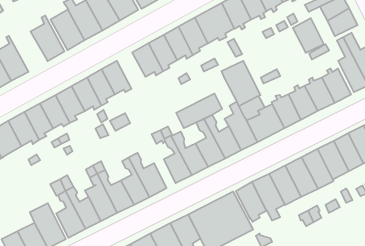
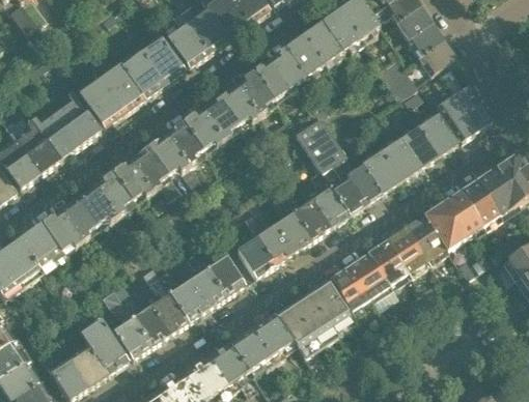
building: none -> [29,110,80,160]
building: none -> [165,121,202,166]
building: [176,94,222,128] -> none

